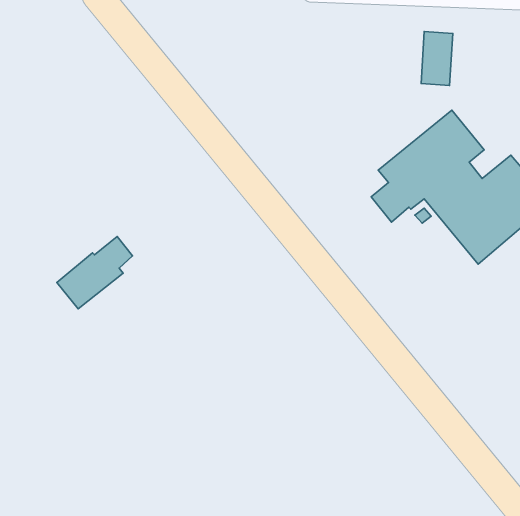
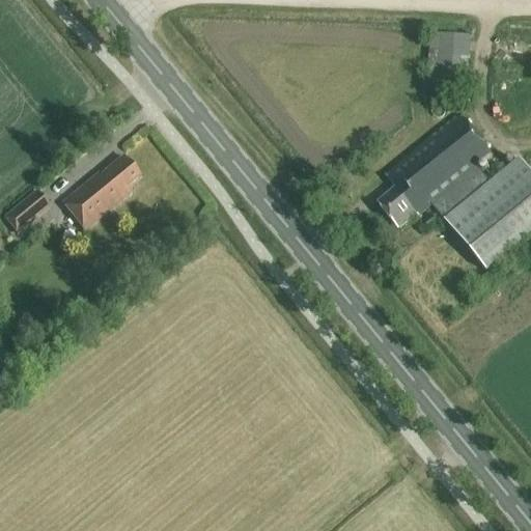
building: none -> [5,188,50,230]
building: [57,237,132,309] -> [63,153,140,227]

